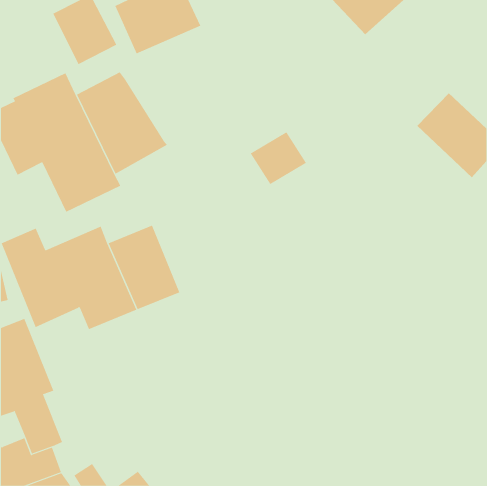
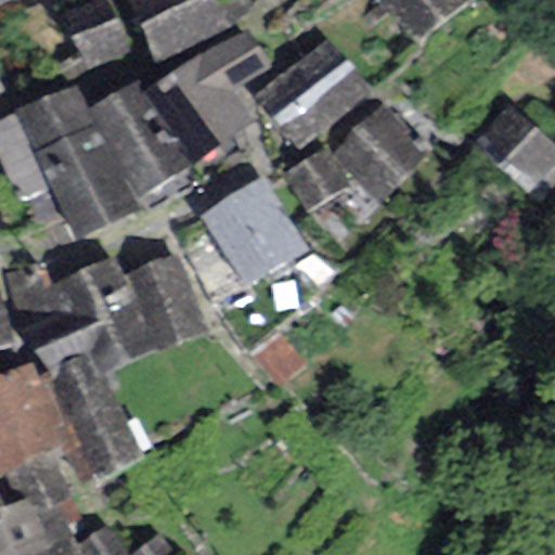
building: none -> [143,30,269,160]
building: none -> [255,38,370,149]
building: none -> [328,101,426,203]
building: none -> [198,176,307,285]
building: none -> [40,350,139,480]

